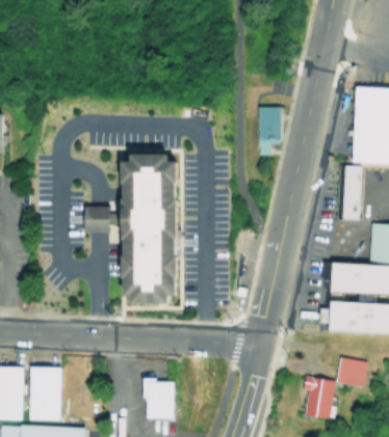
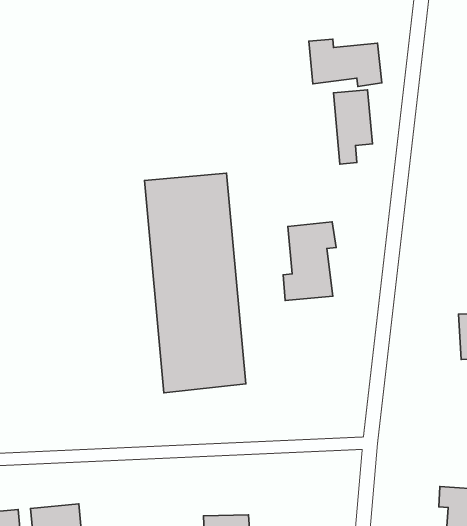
building: none -> [309,39,382,86]
building: none -> [283,222,336,300]

